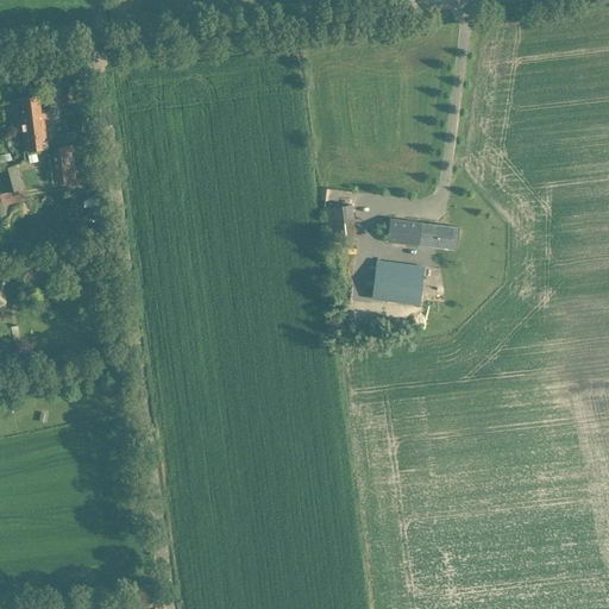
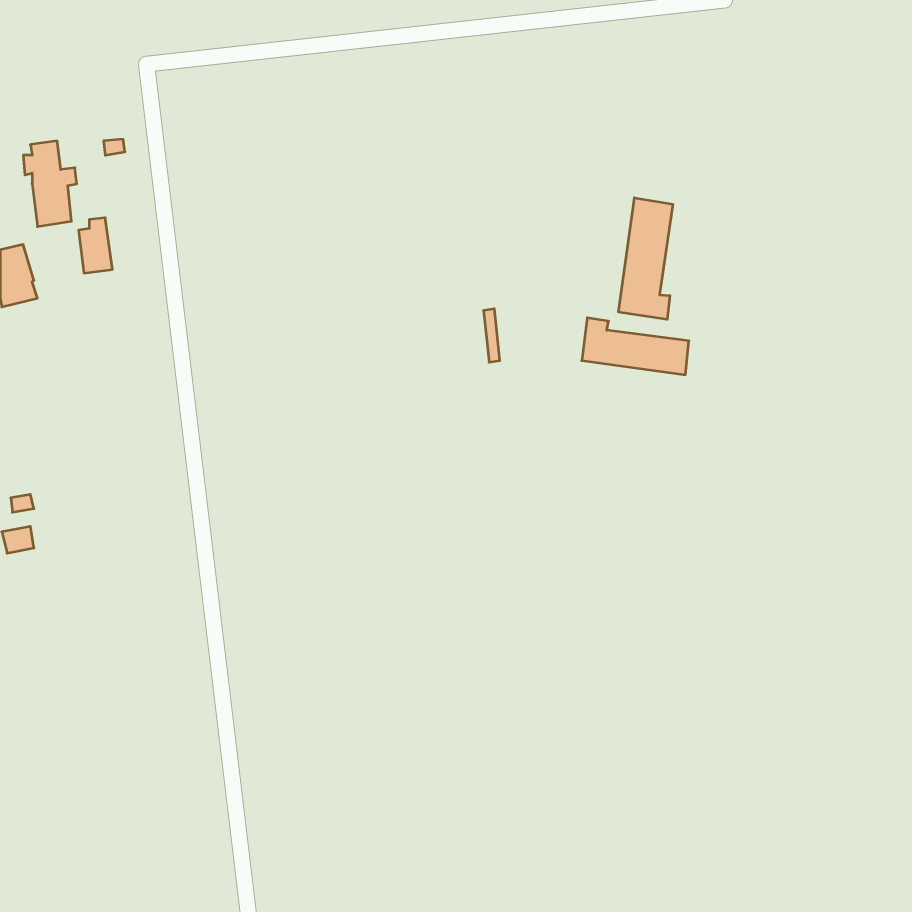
building: none -> [619,198,673,319]
building: [371,259,425,304] -> none

